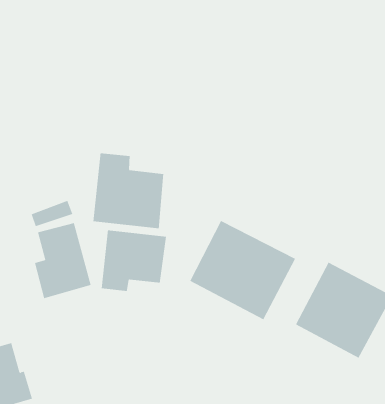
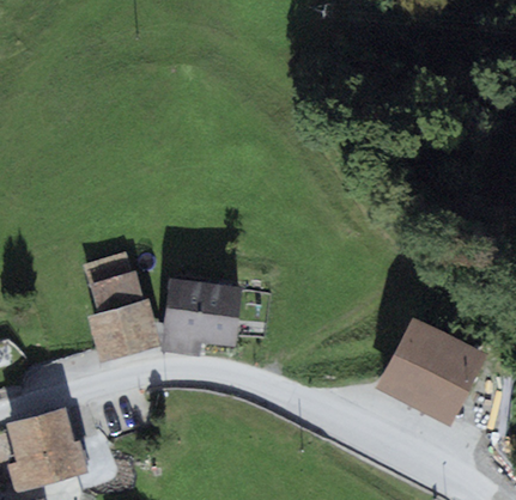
building: [93,152,164,229] -> none
building: [189,220,296,320] -> none

